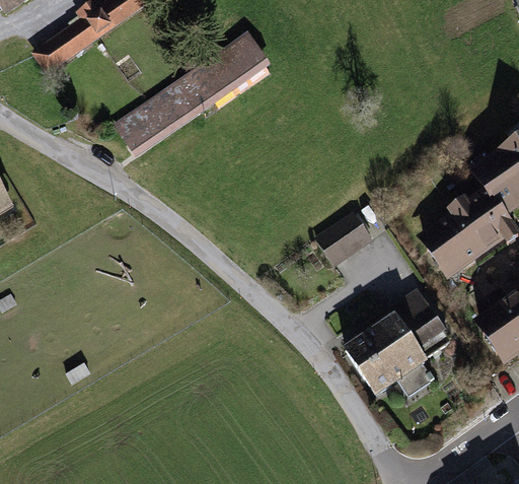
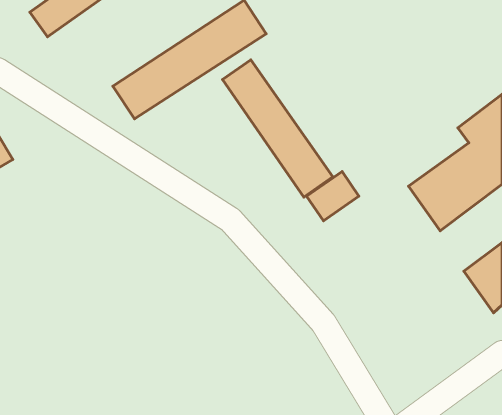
building: none -> [222,60,333,197]
building: [344,283,451,394] -> none

